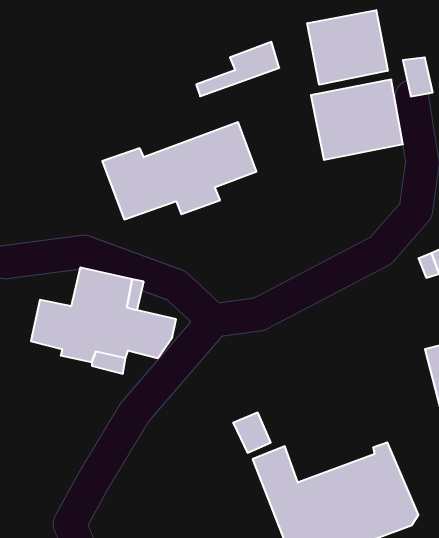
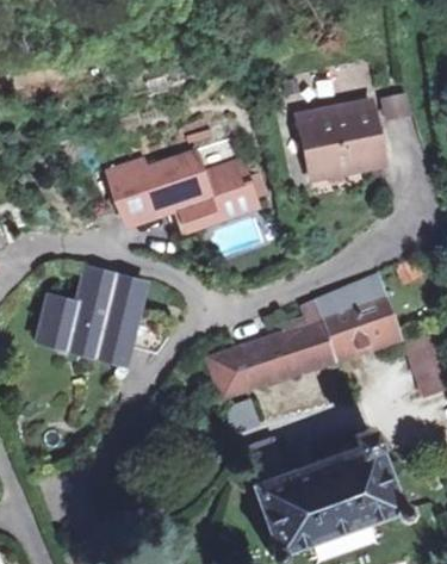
building: [307,10,388,85] -> none
building: [196,42,279,96] -> [179,185,255,235]
building: none -> [211,275,393,397]

